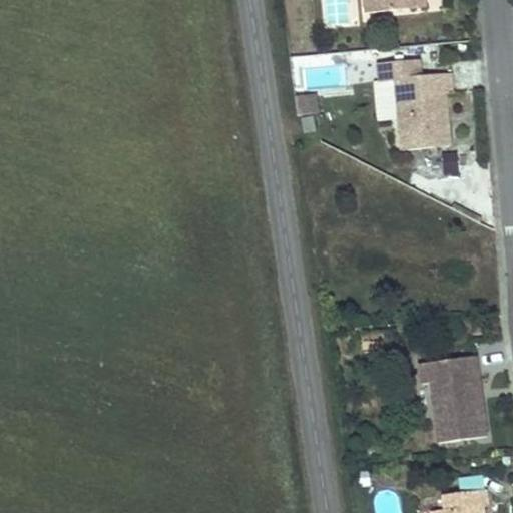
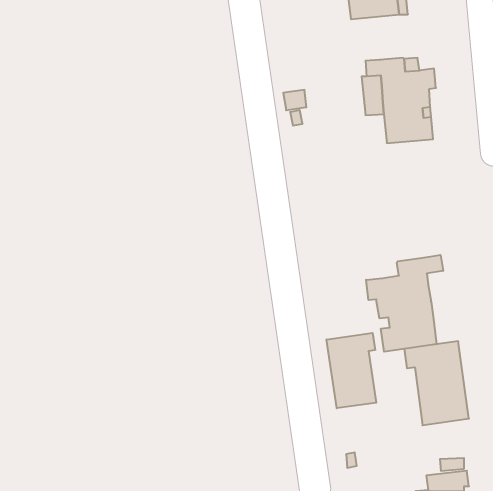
building: none -> [366,255,443,352]
building: none -> [327,333,376,408]

